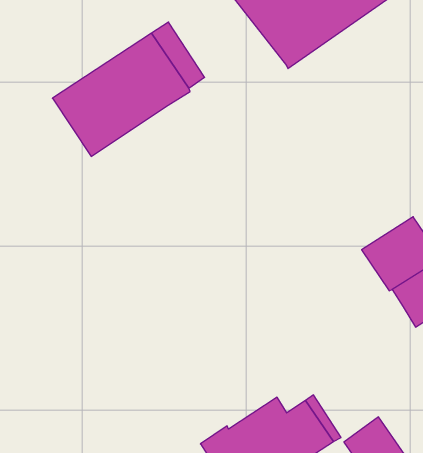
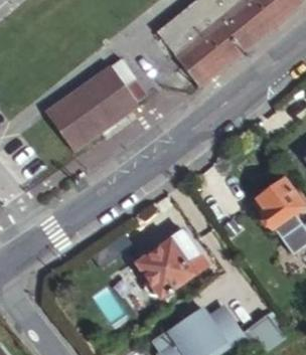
building: none -> [137,228,208,297]

